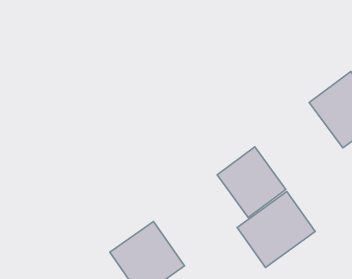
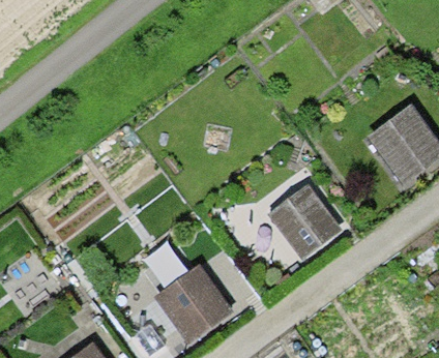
building: [237,191,315,268] -> none

